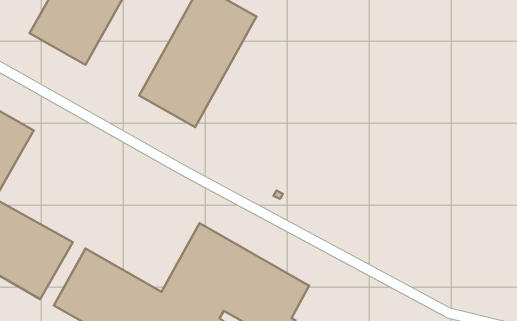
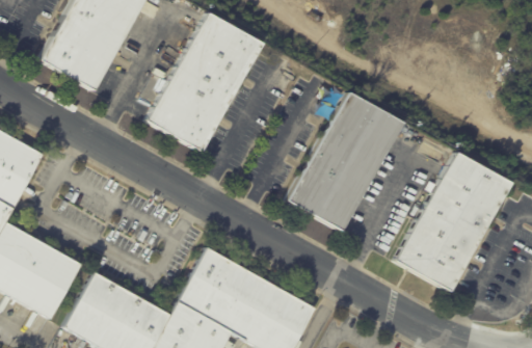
building: none -> [286,91,401,231]
building: none -> [395,151,512,291]

